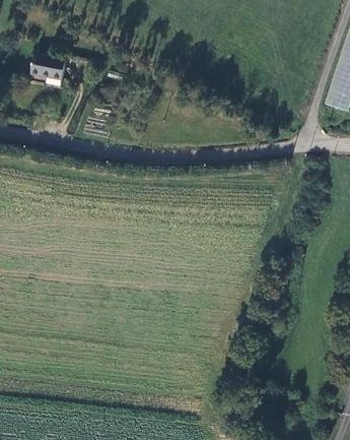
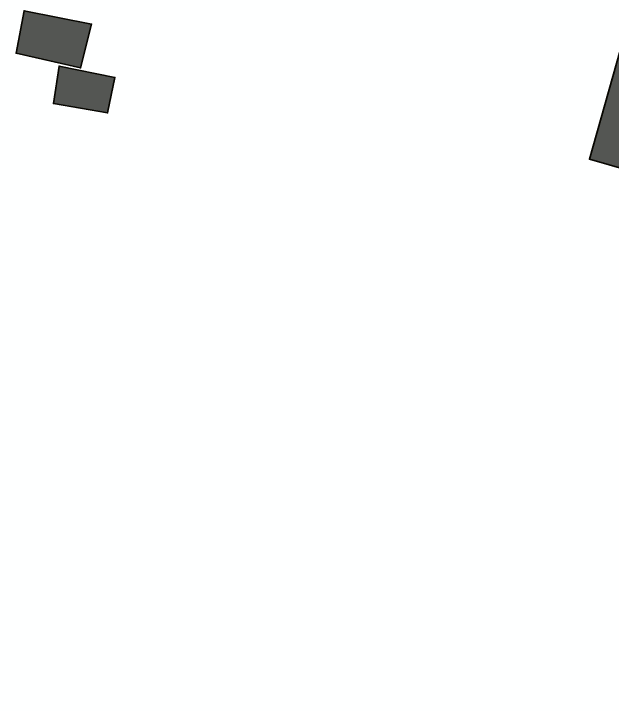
building: none -> [16,11,91,68]

